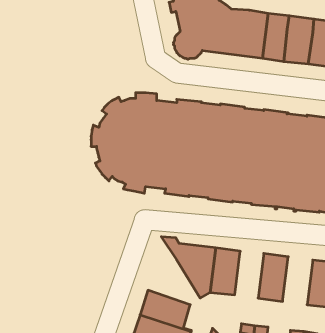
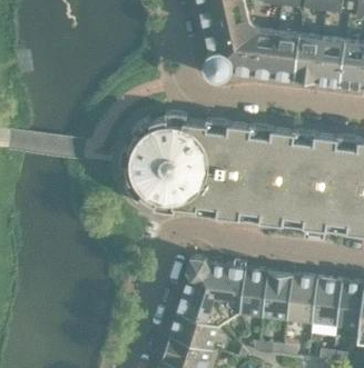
building: none -> [176,257,228,325]
building: none -> [263,271,292,318]
building: none -> [311,277,341,325]

